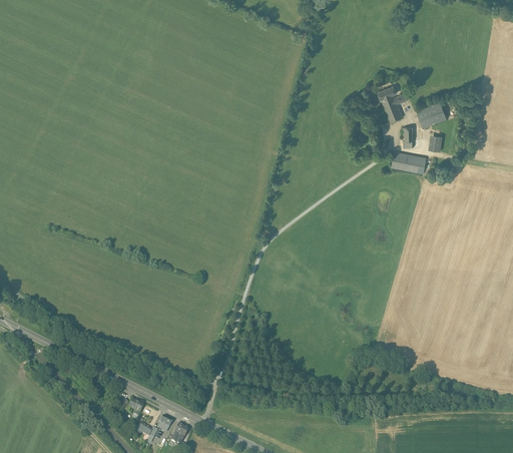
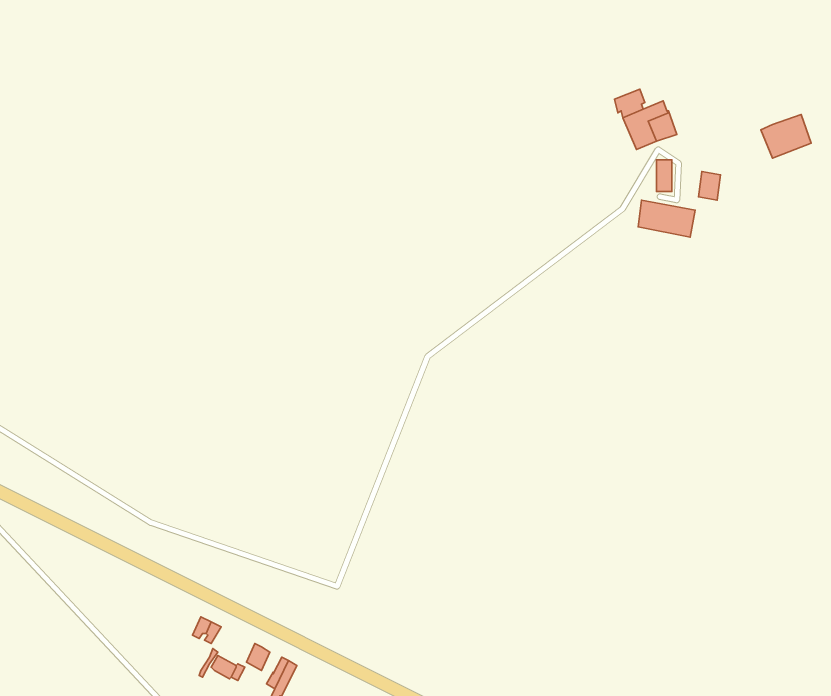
building: [416,101,446,127] -> [761,115,811,158]

